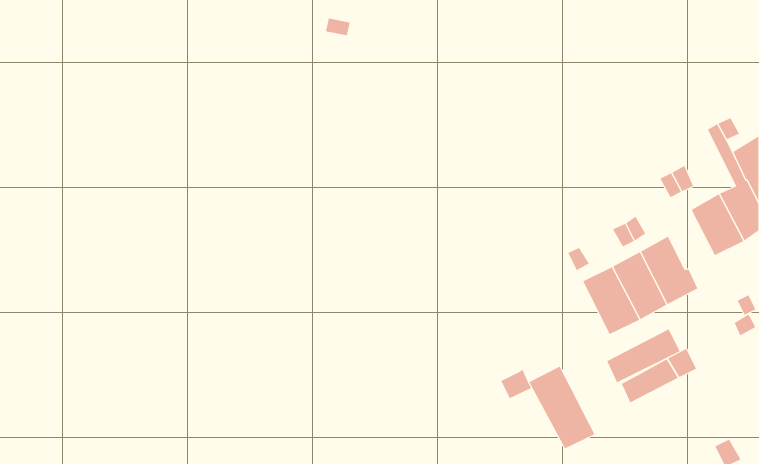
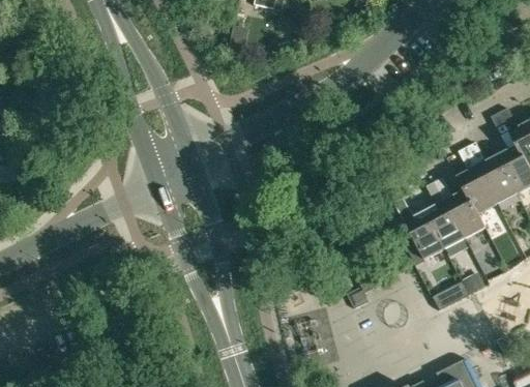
building: none -> [461,173,498,214]
building: [606,328,680,383] -> none
building: [529,366,595,449] -> none

